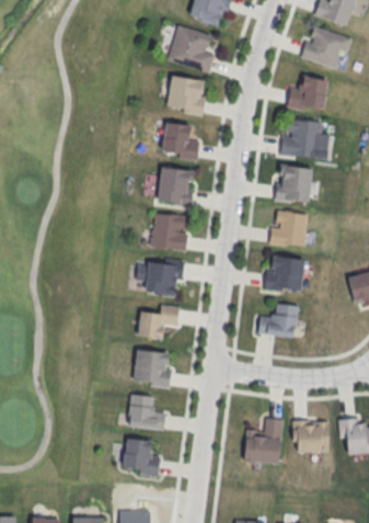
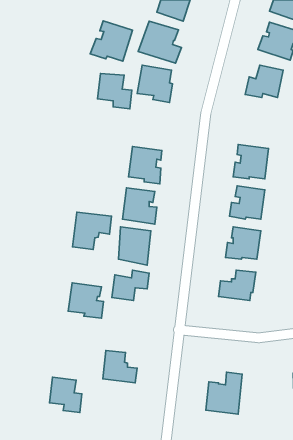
building: none -> [90,21,133,61]
building: [279,117,330,159] -> none
building: [162,122,200,161] -> [98,73,132,109]
building: none -> [72,212,111,250]
building: [132,349,172,388] -> [68,283,103,318]
building: [292,421,330,453] -> none
building: [125,437,161,477] -> [50,377,82,412]

